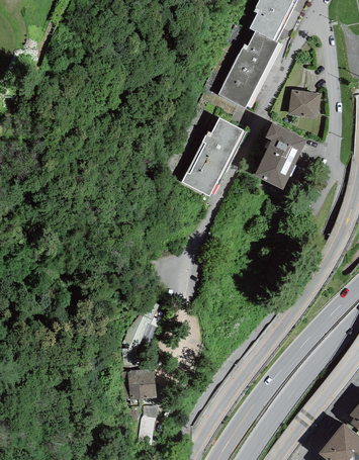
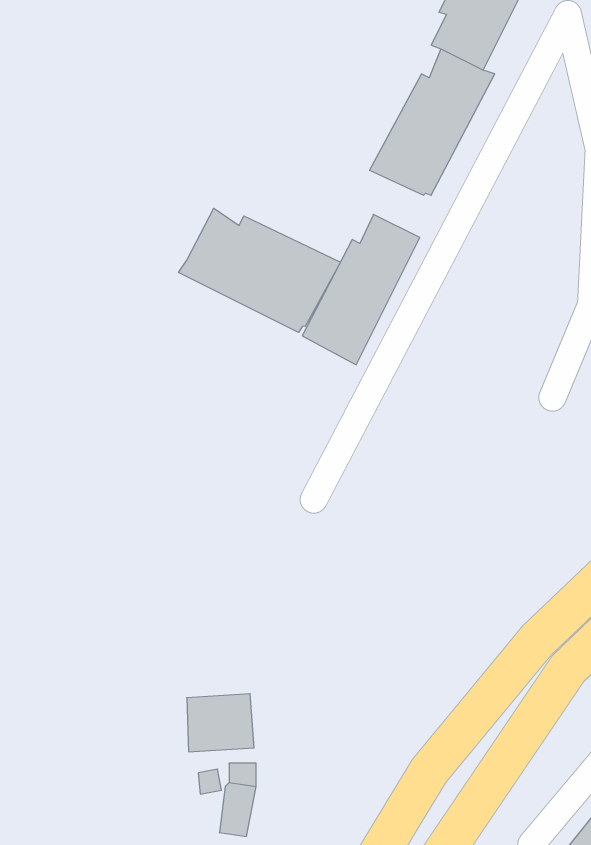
building: [287,90,320,118] -> none
building: none -> [179,208,340,332]
building: [254,122,306,189] -> none

